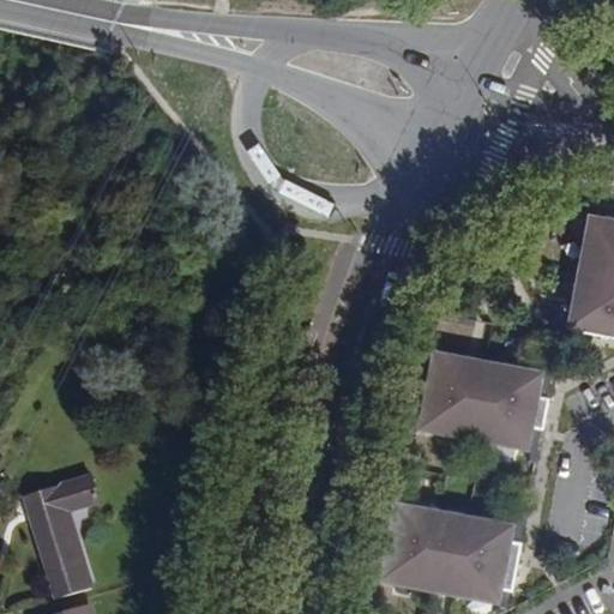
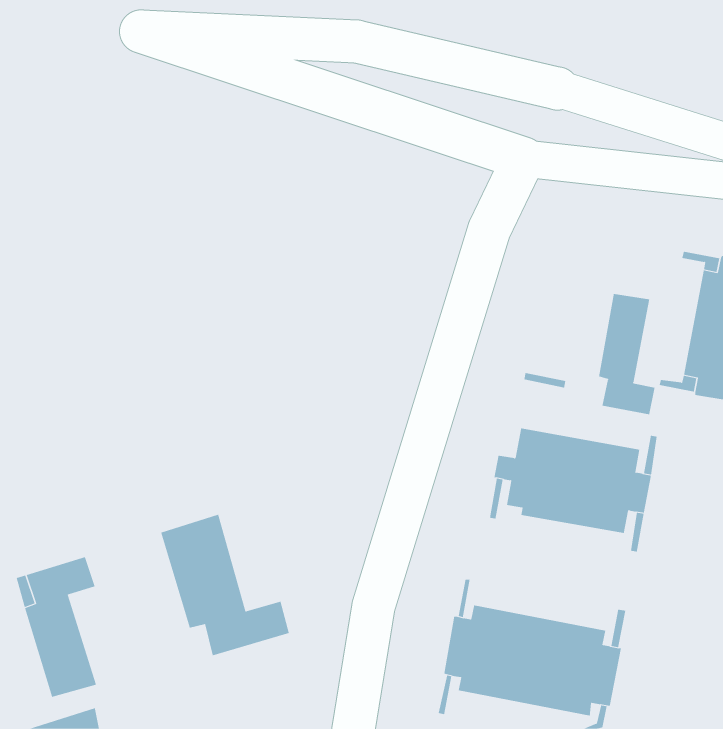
building: none -> [598,293,655,415]
building: none -> [161,514,290,656]

